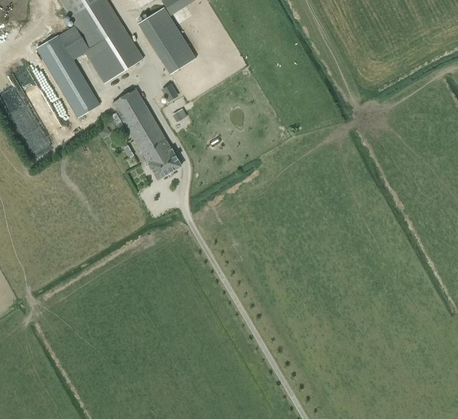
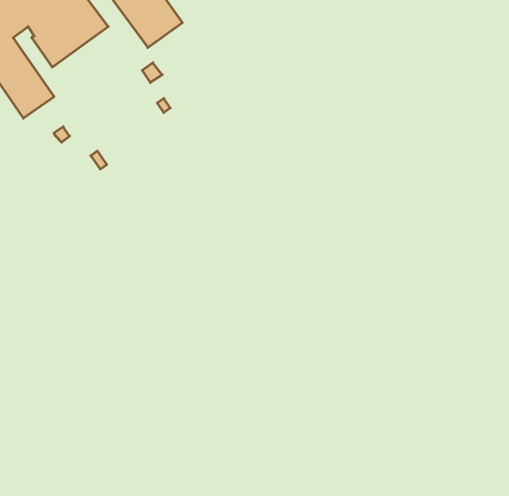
building: [112,88,182,180] -> none

